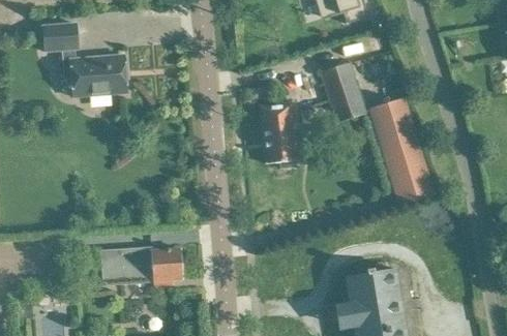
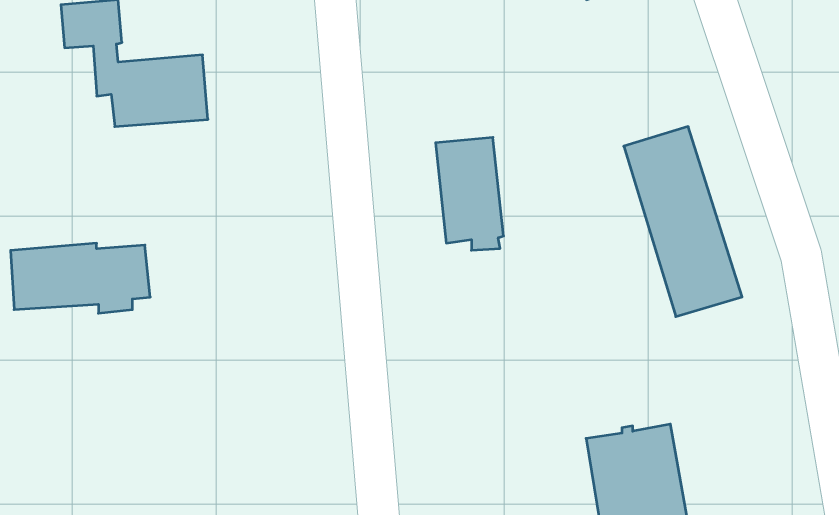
building: [318,61,363,121] -> none
building: [99,246,180,286] -> [11,243,150,313]

